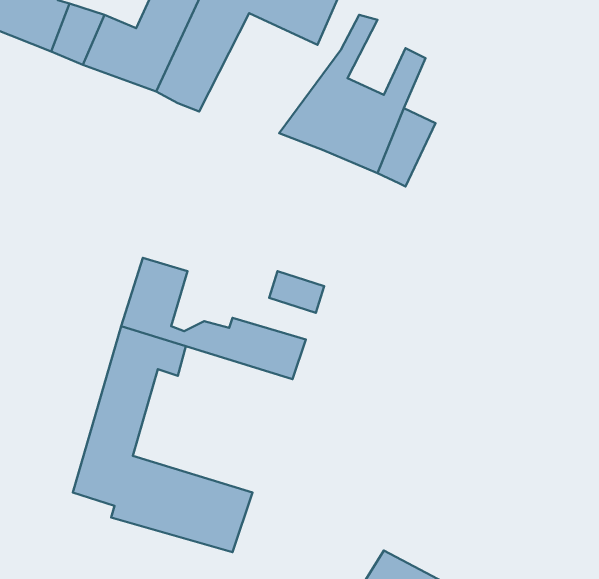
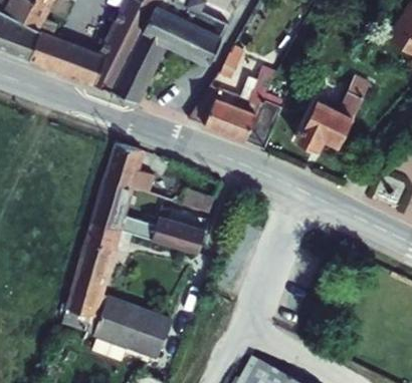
building: none -> [298,73,371,146]
building: none -> [106,148,157,201]

